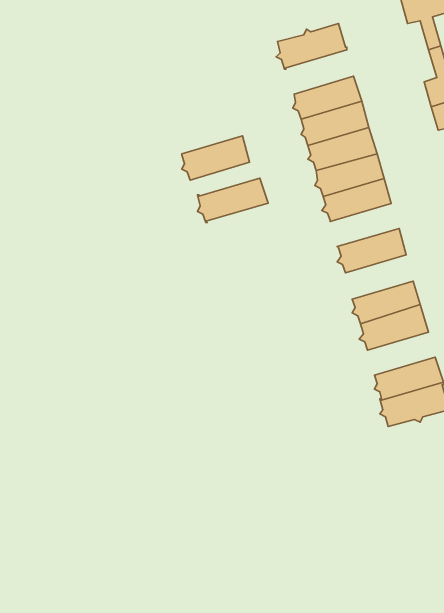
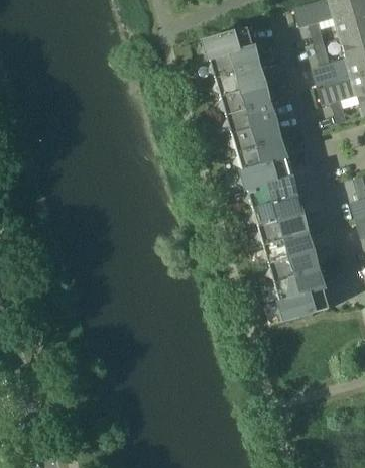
building: [182,136,250,180] -> [211,44,260,77]
building: [197,178,268,223] -> [242,156,293,189]
building: none -> [254,194,303,226]
building: none -> [270,250,320,281]

